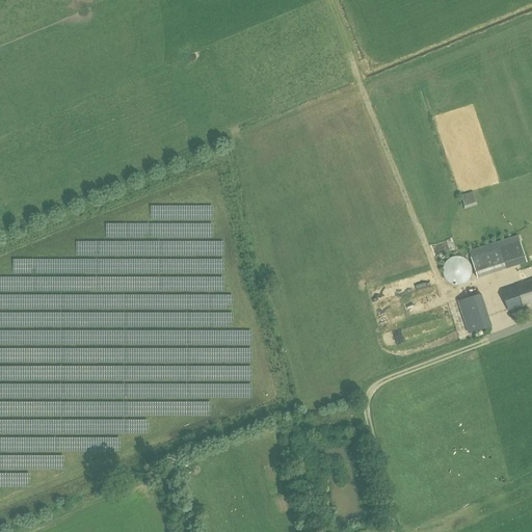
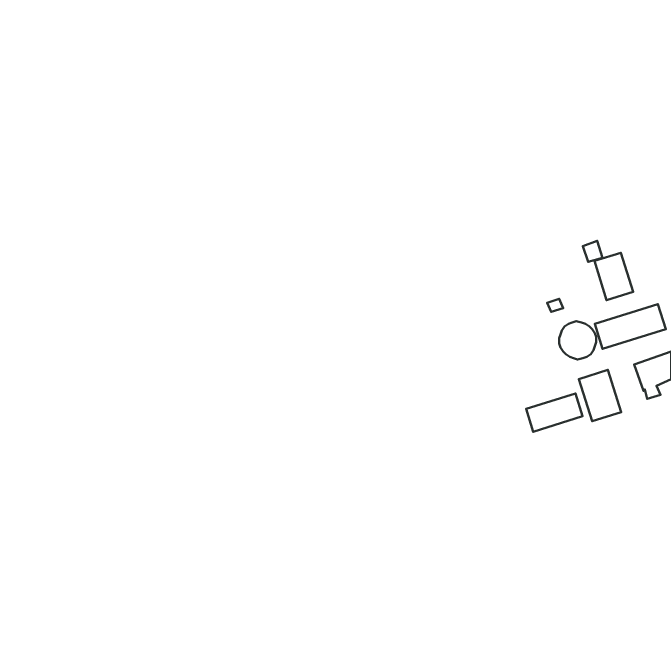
building: none -> [594,253,633,300]
building: none -> [526,393,582,432]

